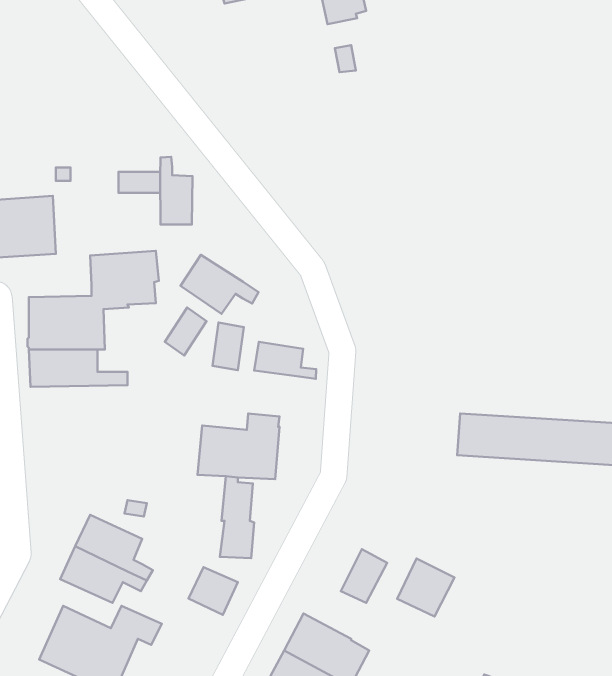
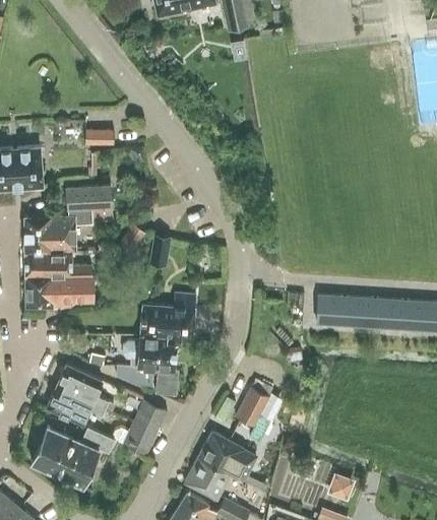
building: [160,157,193,224] -> none
building: [180,255,258,314] -> none
building: [254,342,316,379] -> none
building: none -> [25,276,92,308]
building: none -> [116,337,159,386]
building: [397,559,455,616] -> none
building: none -> [123,421,157,455]

